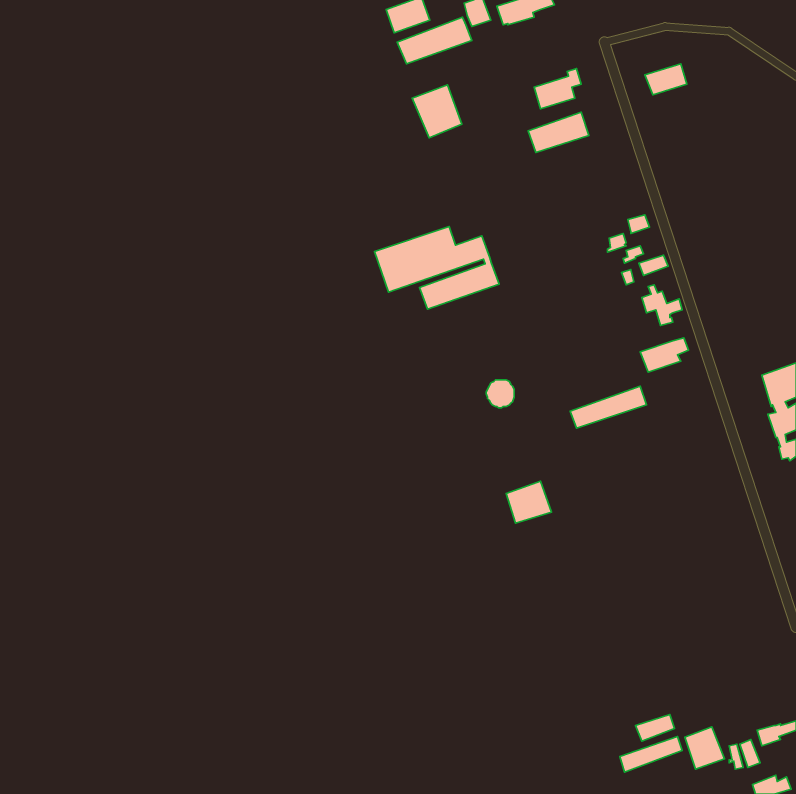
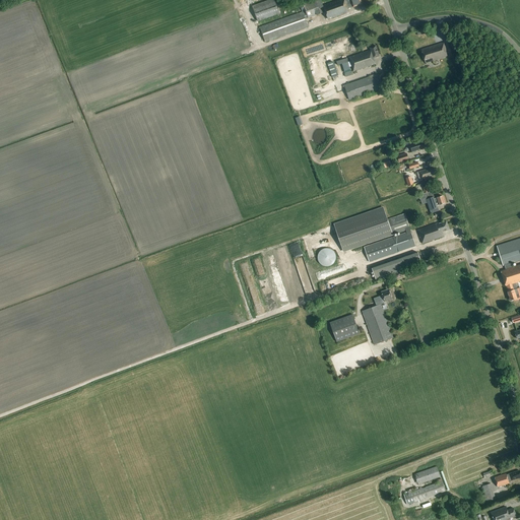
building: [412,85,462,138] -> none
building: [374,227,499,309] -> [334,207,415,261]
building: none -> [362,288,393,344]
building: [685,727,725,769] -> none

